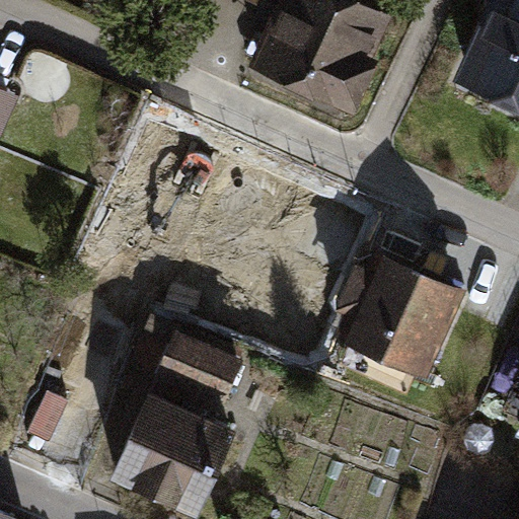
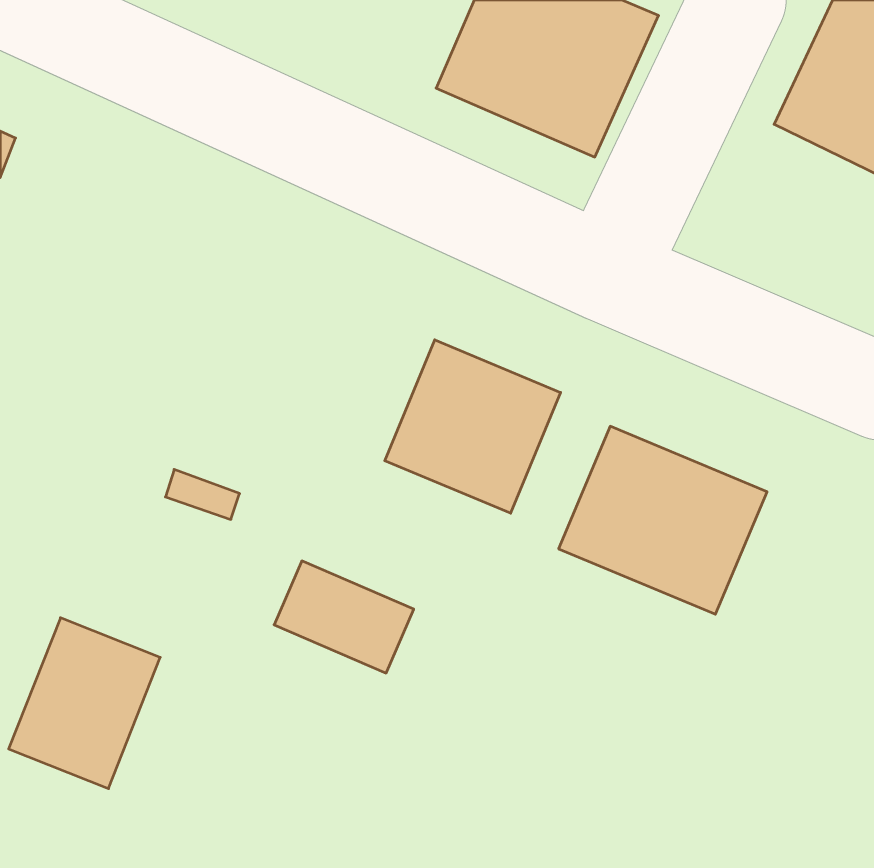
building: none -> [385,340,561,513]
building: [109,400,229,513] -> none

